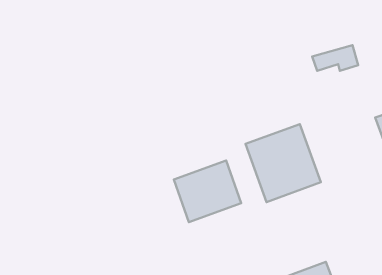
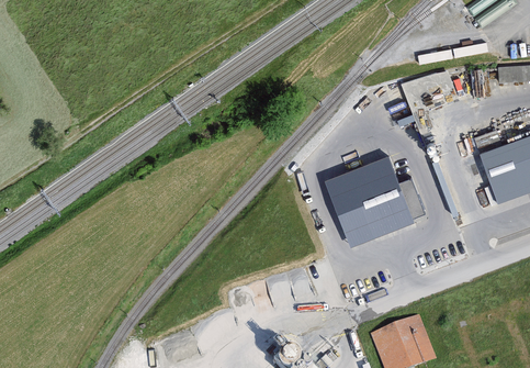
building: [174,161,241,222] -> none

